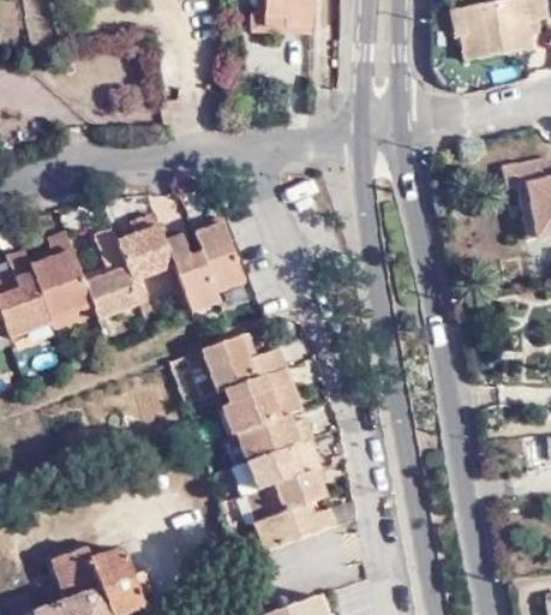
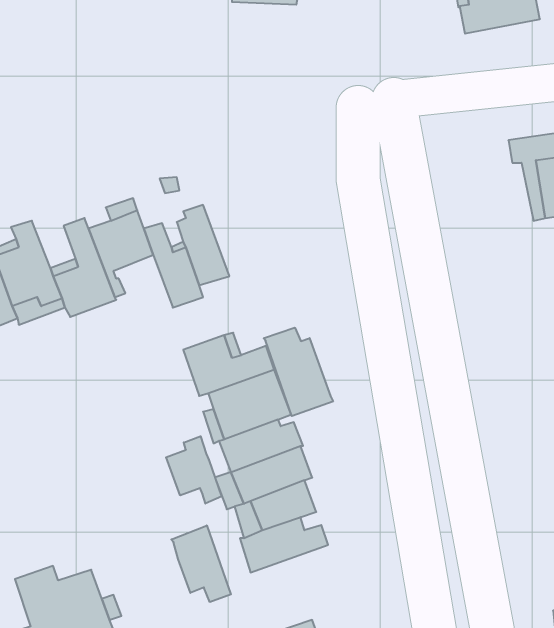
building: none -> [264,328,333,416]
building: none -> [166,436,222,504]
building: none -> [171,525,231,602]

